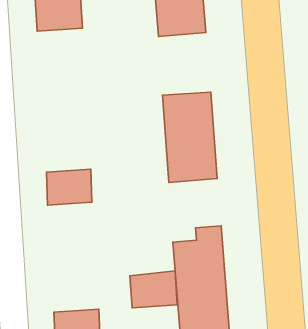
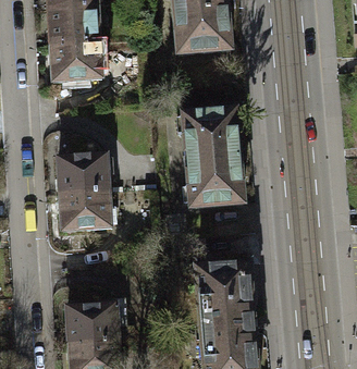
building: none -> [52,42,102,82]
building: none -> [59,153,109,195]
building: [130,271,177,308] -> [67,304,118,343]

